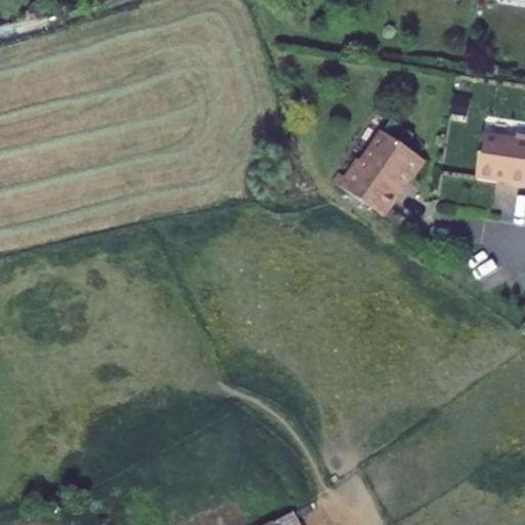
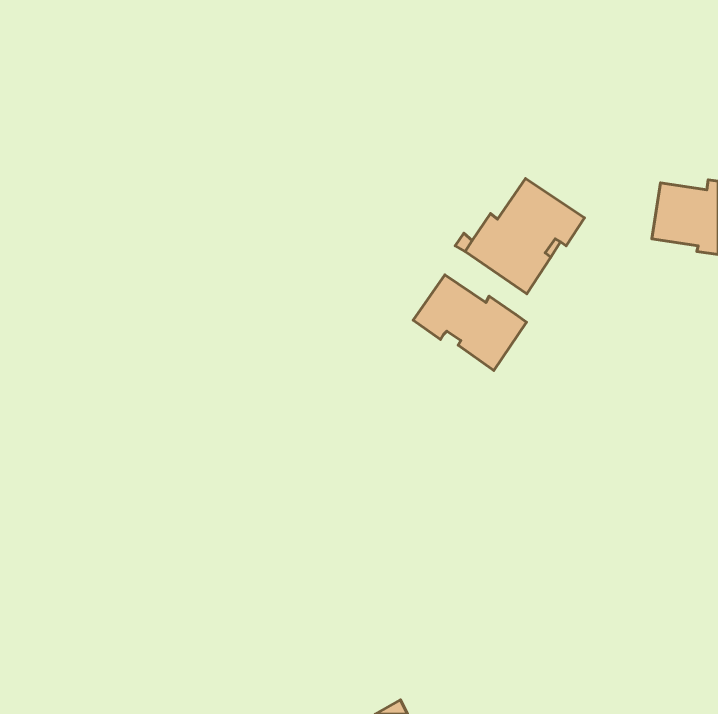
building: none -> [413,275,527,370]

